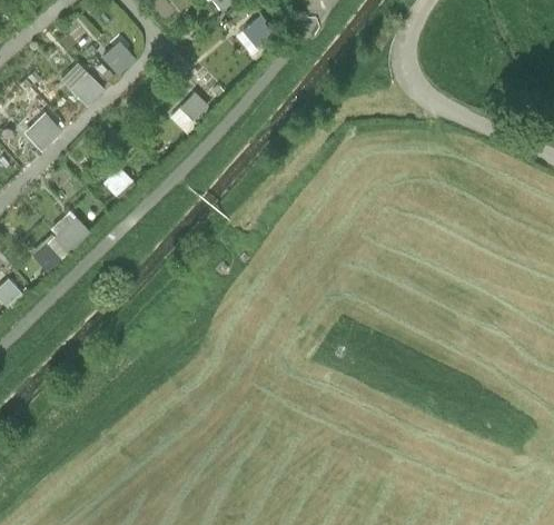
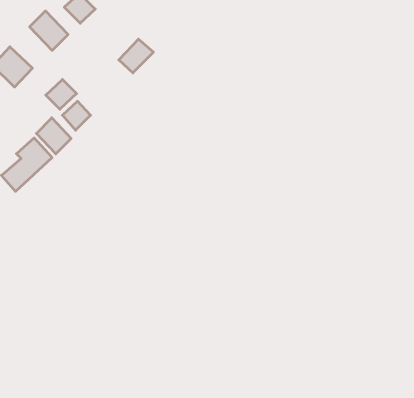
building: none -> [46,79,77,109]
building: none -> [36,118,71,154]

